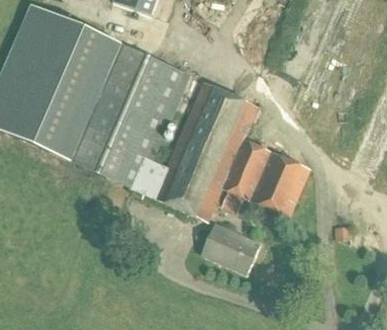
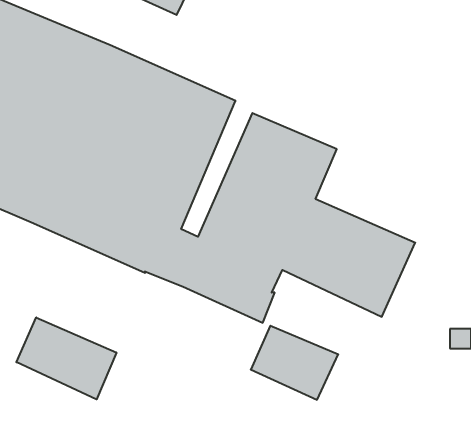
building: none -> [16,317,116,399]

